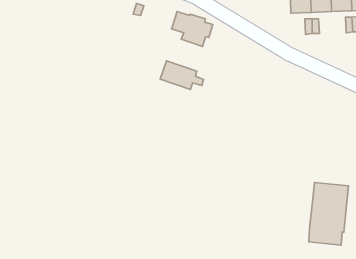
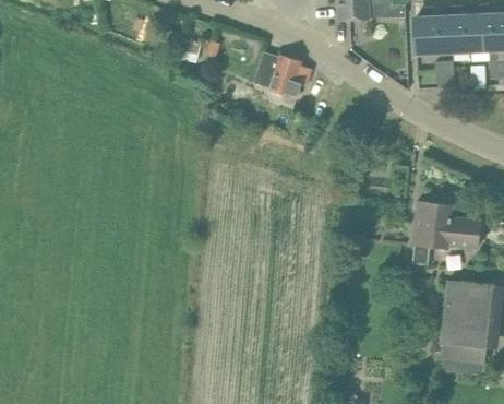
building: [160,61,204,89] -> none
building: none -> [411,202,480,265]

